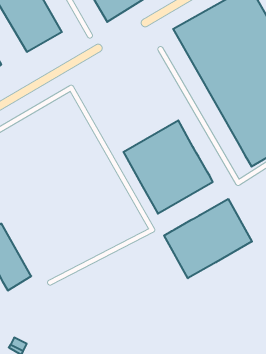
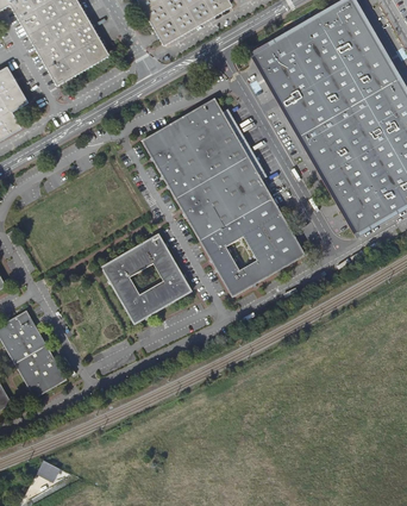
building: none -> [143,98,259,214]
building: none -> [101,232,192,323]
building: [164,199,252,278] -> none

